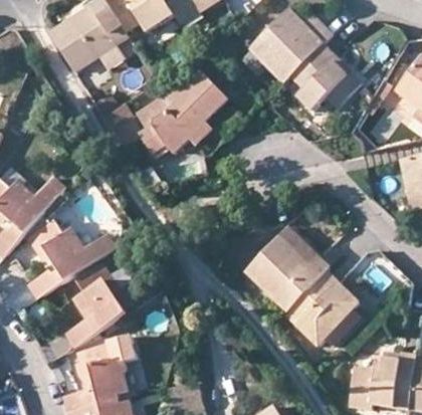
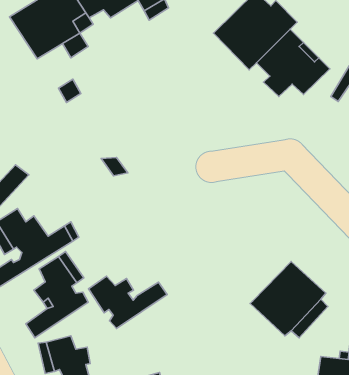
building: [136,72,229,154] -> none
building: [245,228,330,312] -> none
building: none -> [89,276,167,328]

